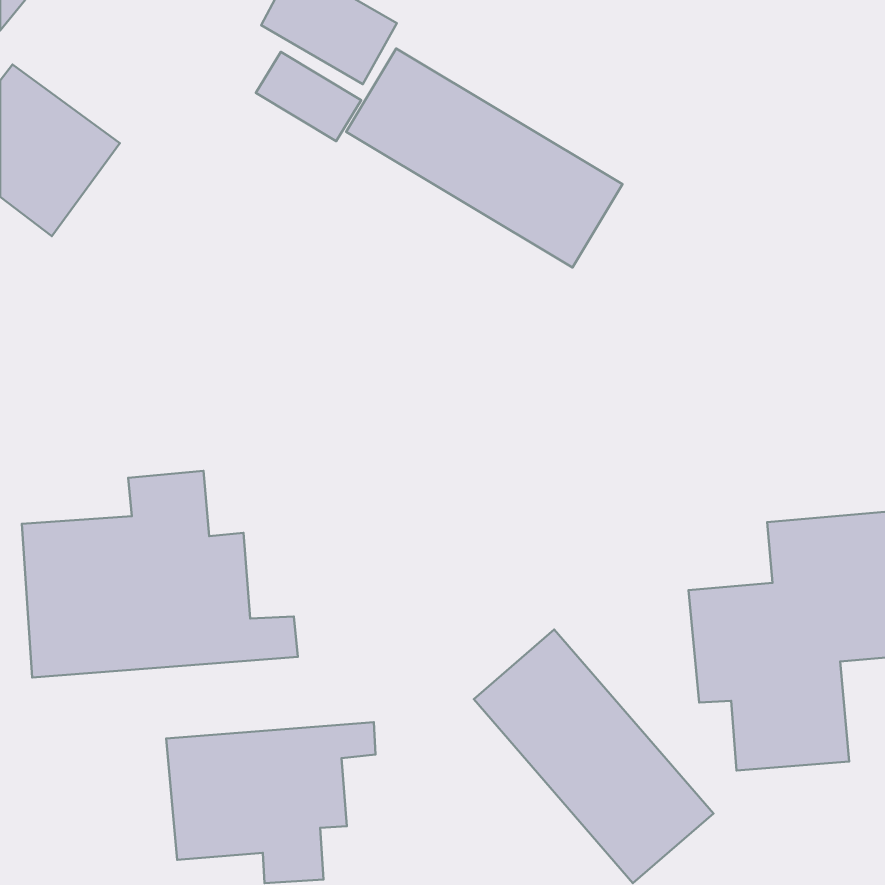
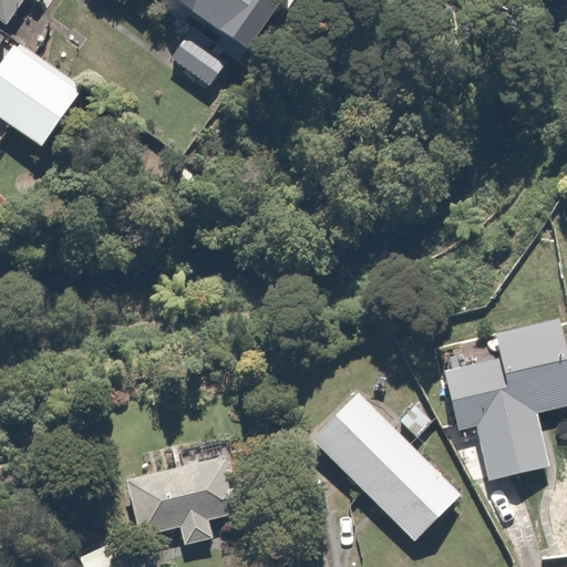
building: [346,49,622,267] -> none
building: [22,471,298,677] -> none

